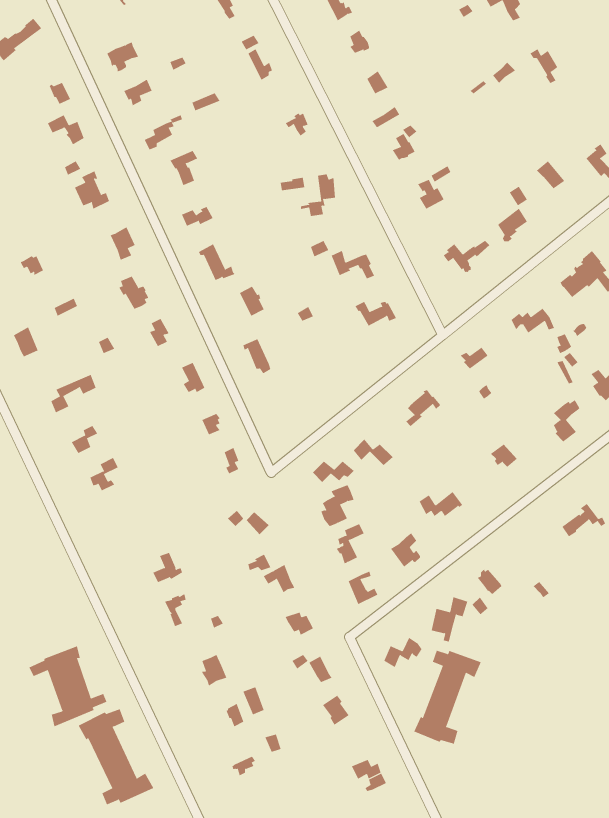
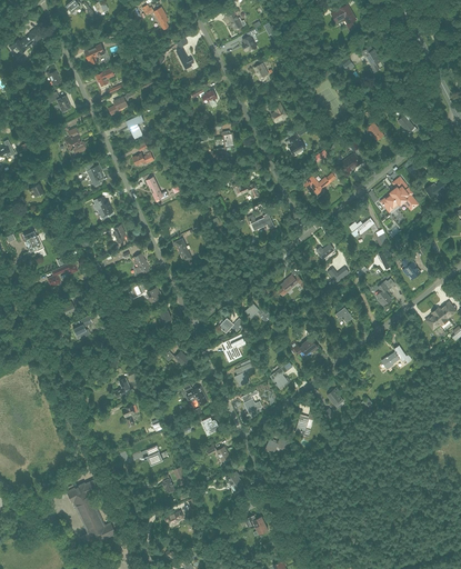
building: [29,646,107,727] -> none
building: [414,650,482,744] -> none

